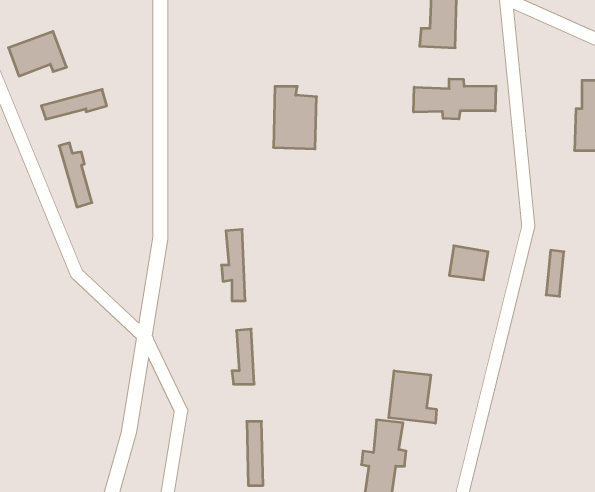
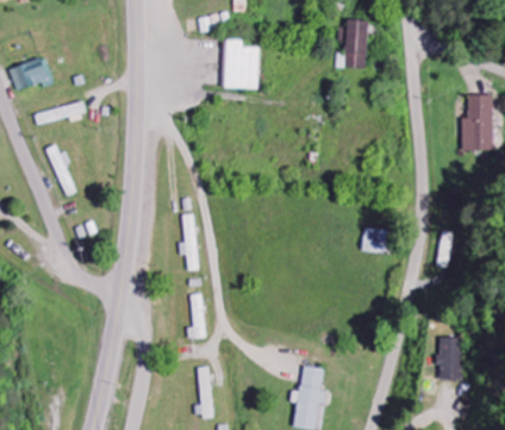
building: [414,79,496,119] -> none
building: [273,86,317,149] -> [224,38,258,88]
building: [389,371,436,423] -> none
building: none -> [437,336,463,379]

